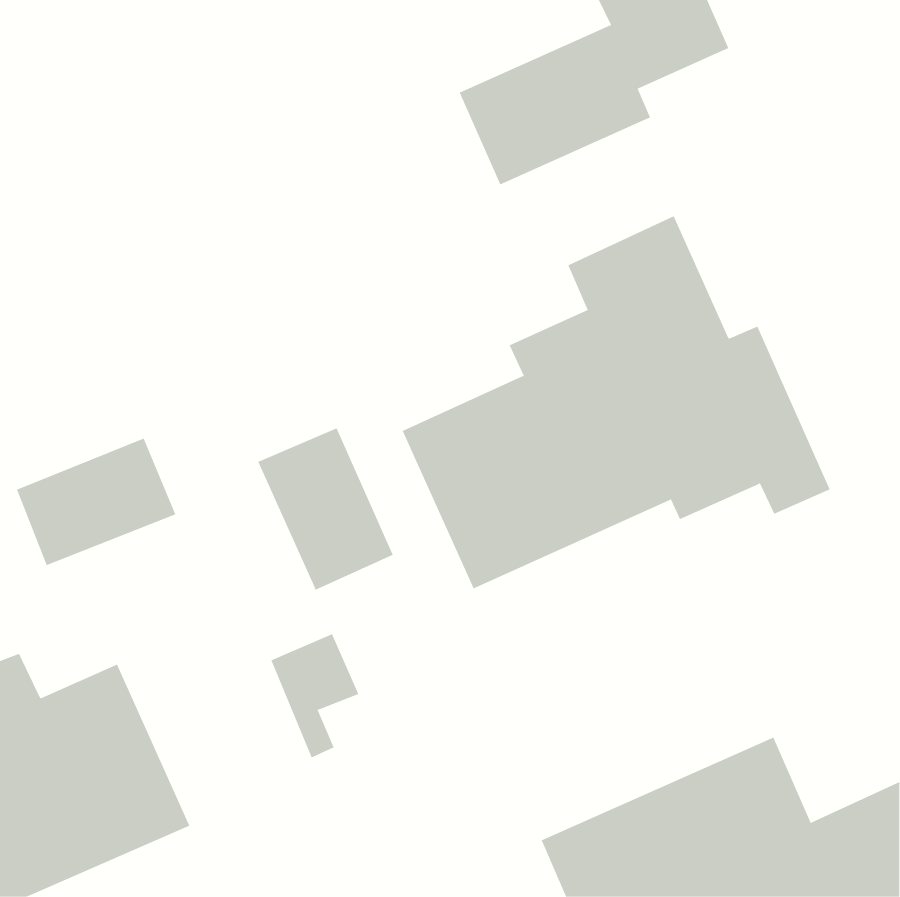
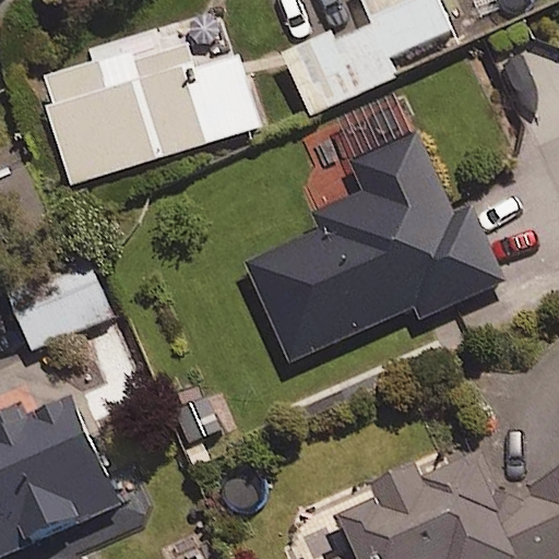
building: none -> [37,11,259,188]
building: [258,428,394,590] -> none

